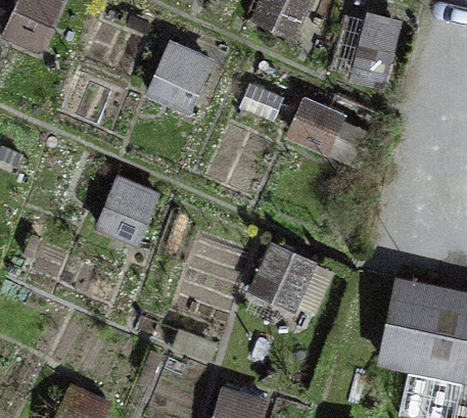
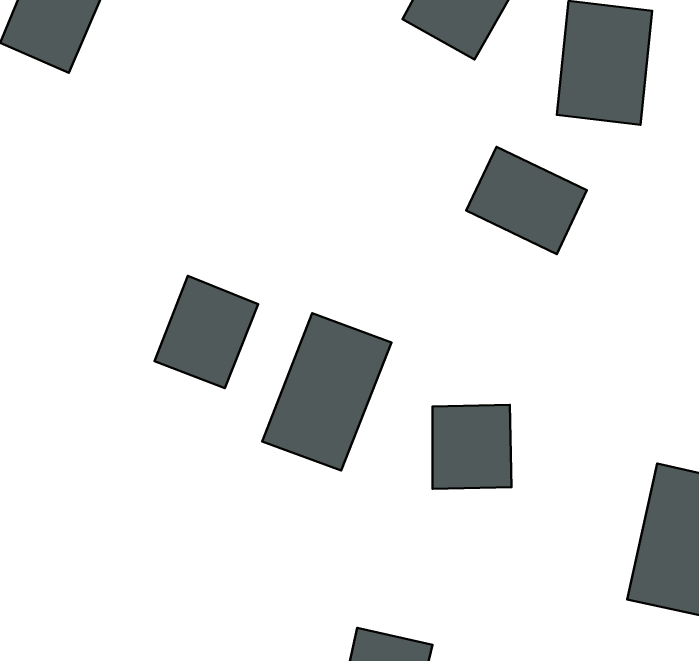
building: [144,35,216,113] -> none
building: none -> [262,313,391,471]

